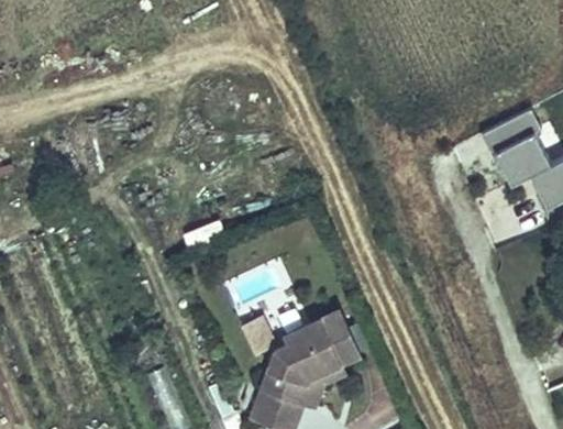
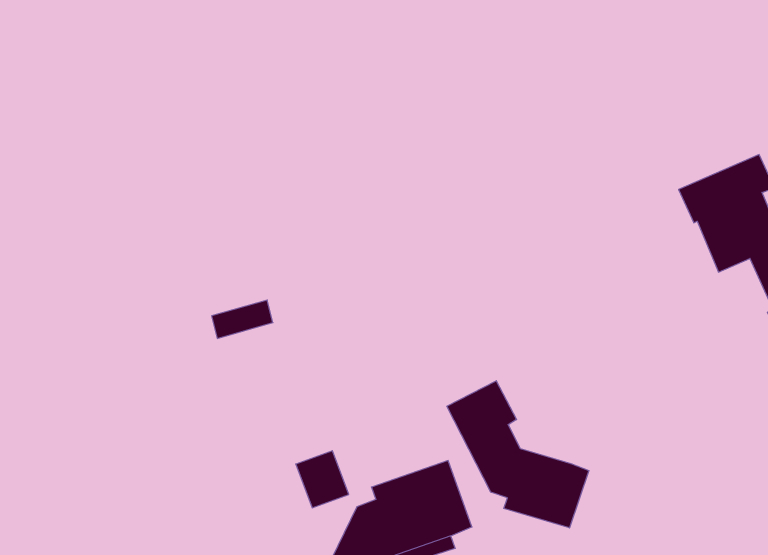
building: none -> [447,381,589,528]

